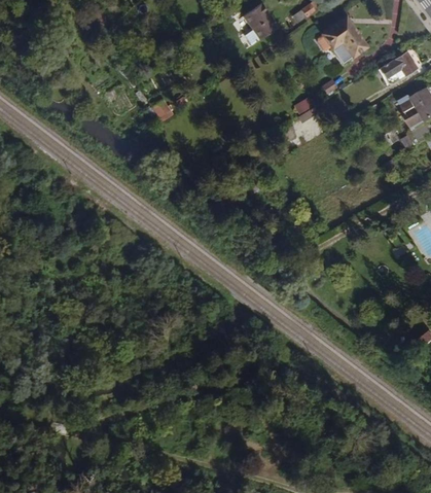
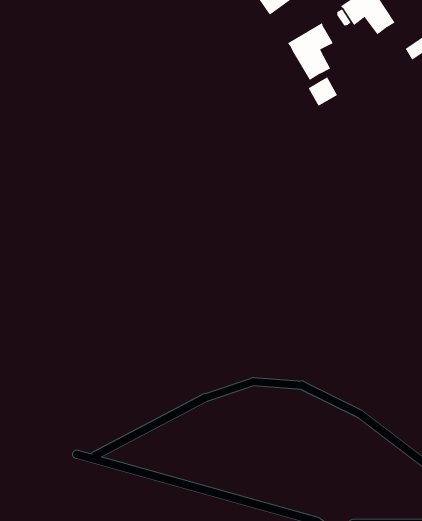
building: none -> [287,22,334,81]

